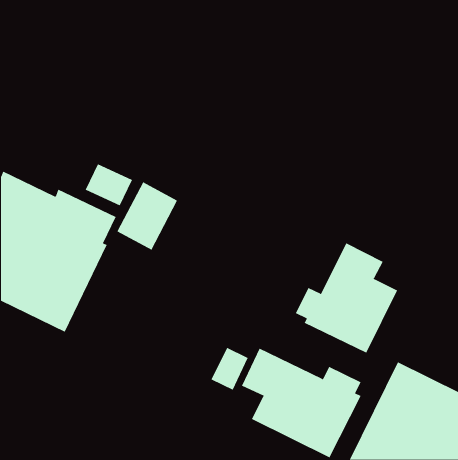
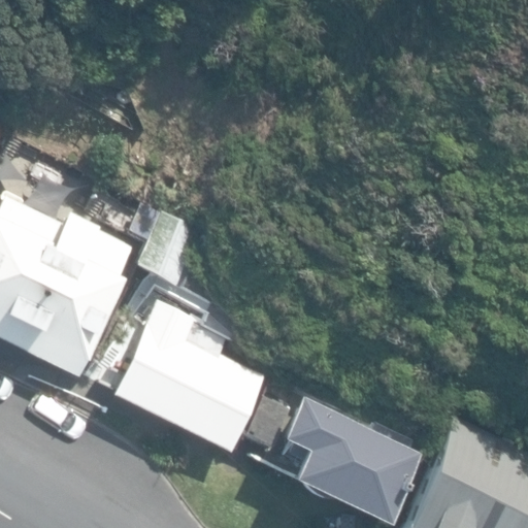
building: [295,243,398,353] -> none
building: none -> [111,300,272,455]

